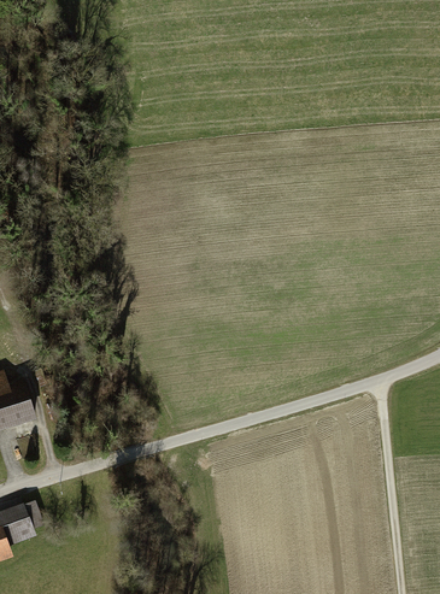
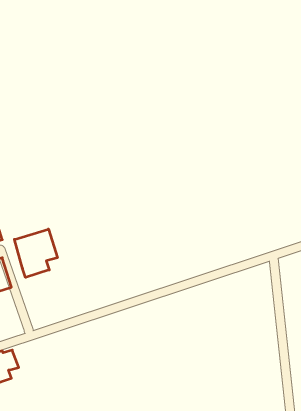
building: none -> [14,229,57,277]

